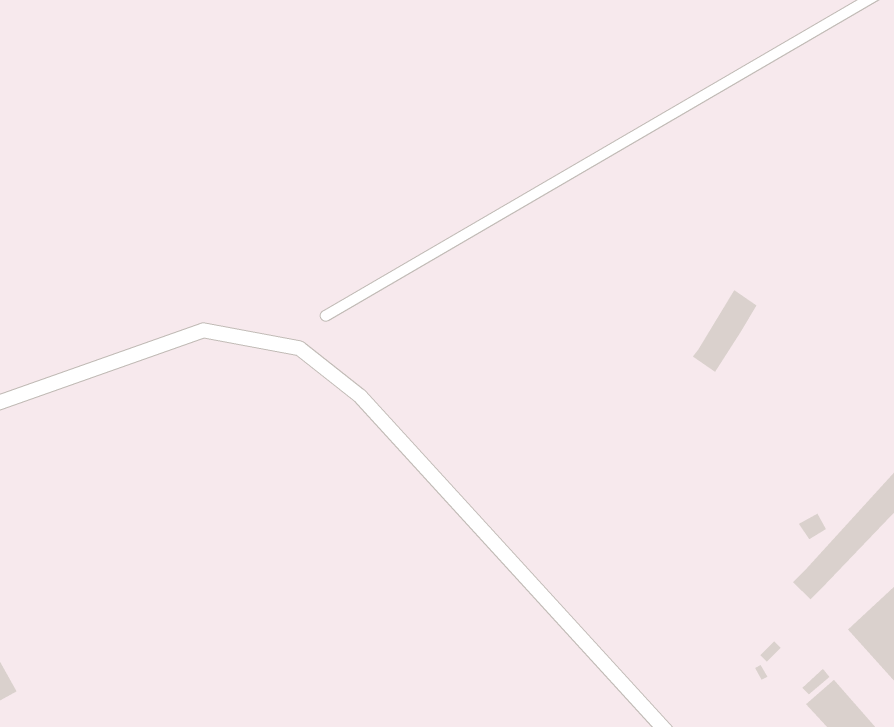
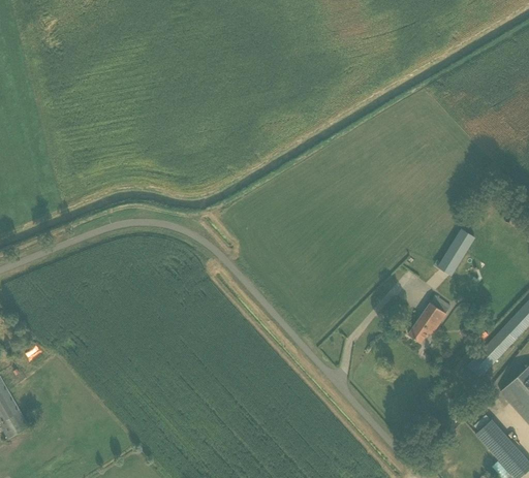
building: [692,289,758,373] -> [437,227,474,275]
building: none -> [408,294,450,342]

